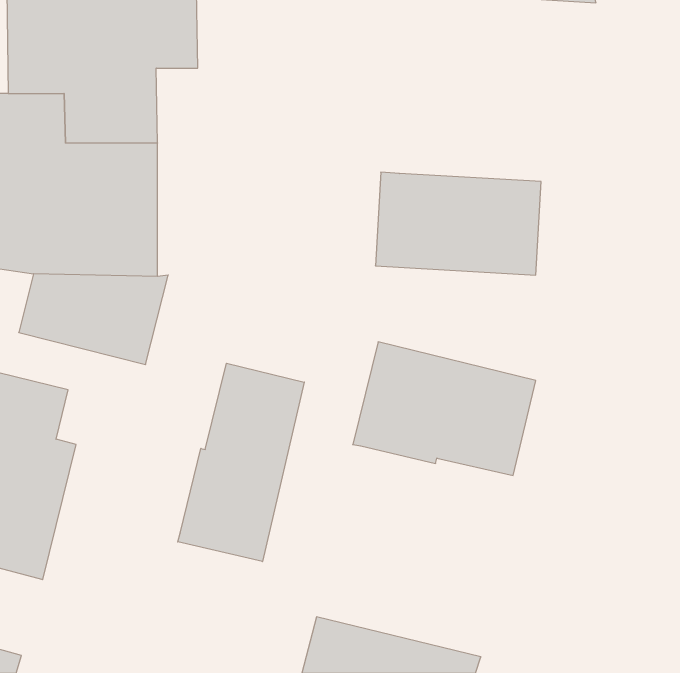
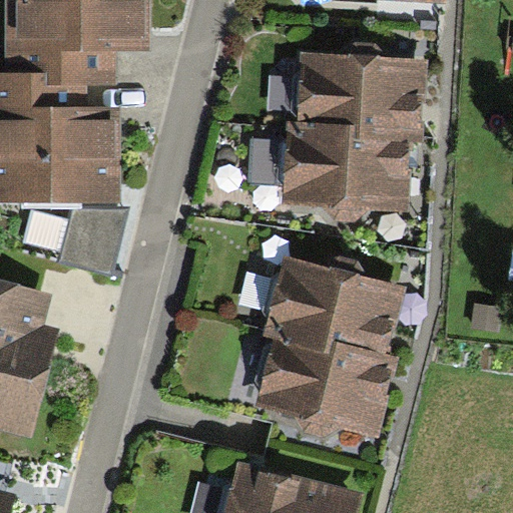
building: none -> [300,58,420,136]
building: [178,363,304,562] -> none
building: none -> [252,335,392,438]

